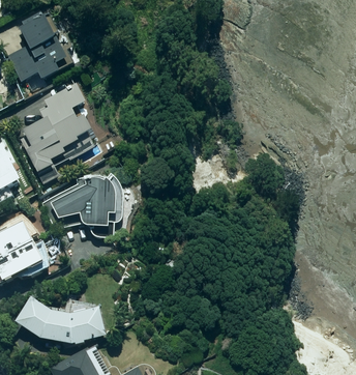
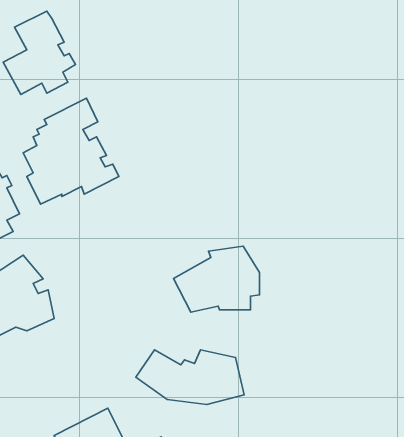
building: [44,174,116,229] -> [174,246,259,312]
building: [16,298,106,344] -> [136,350,244,405]

